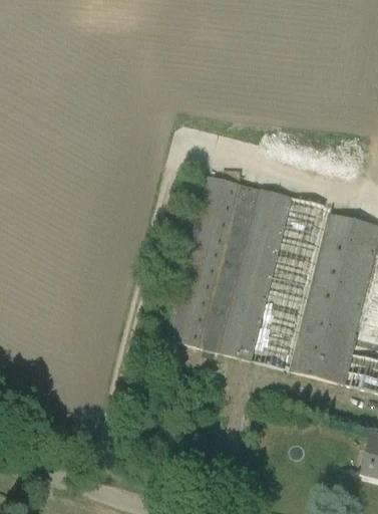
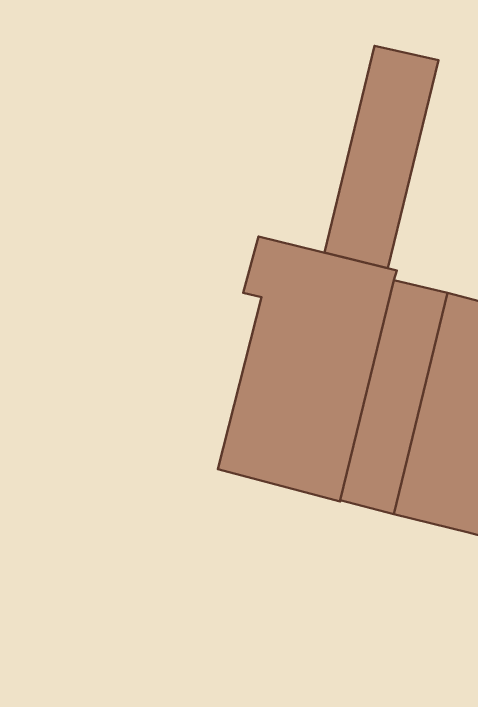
building: none -> [325,46,439,268]

